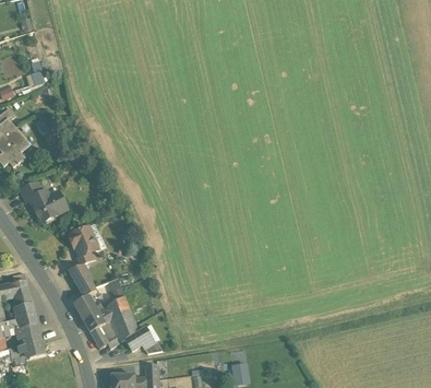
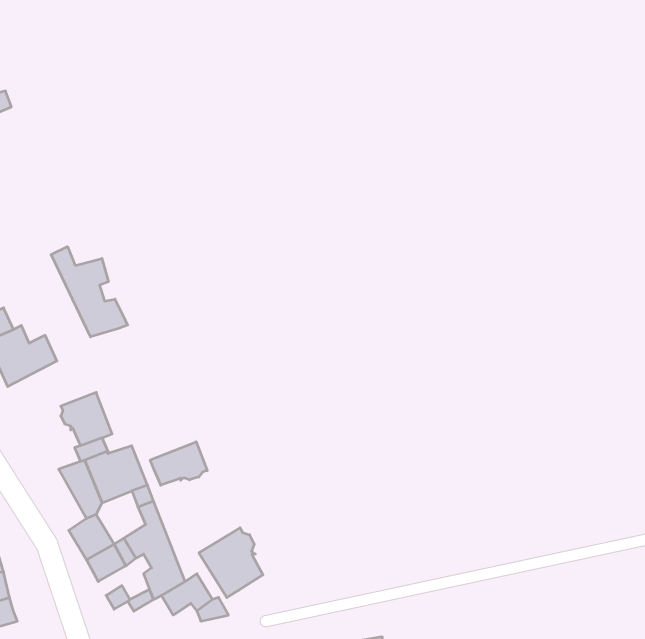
building: none -> [51,247,128,337]
building: none -> [150,442,207,485]
building: none -> [199,528,263,598]

